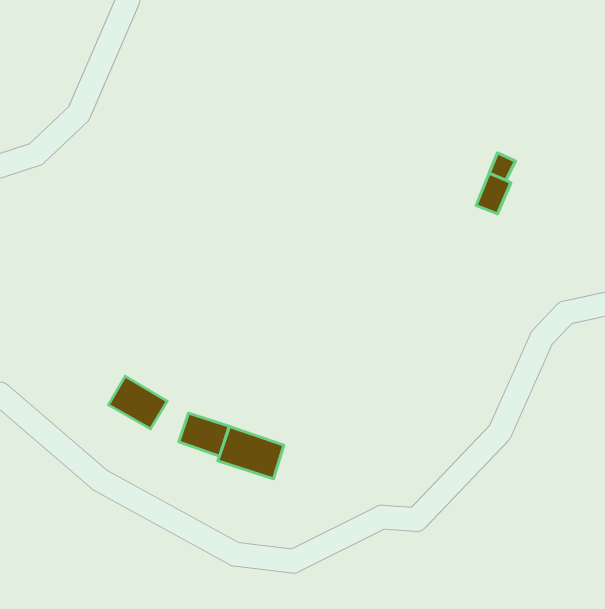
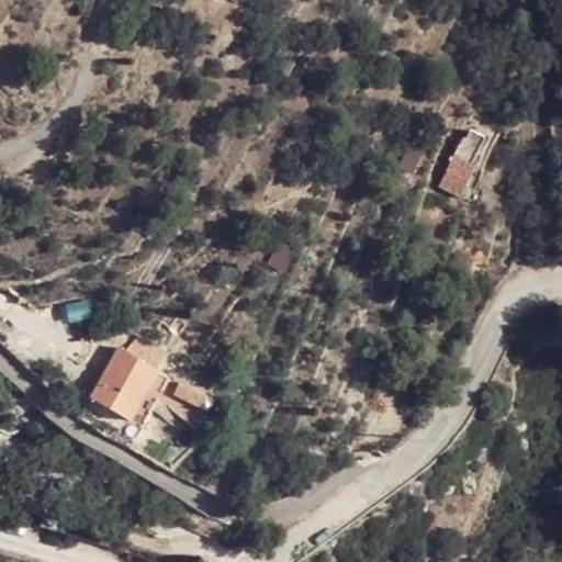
building: none -> [90,373,143,417]
building: [218,427,284,479] -> none

